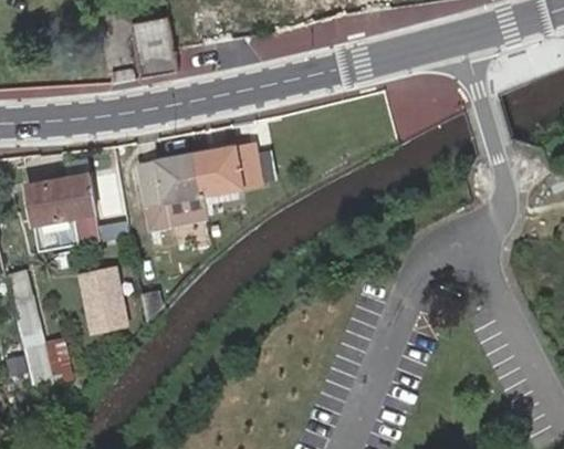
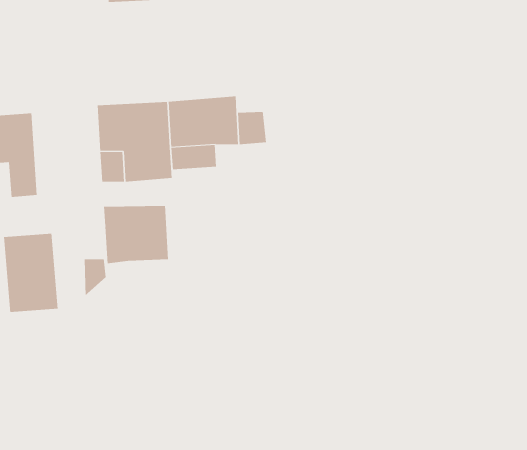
building: none -> [104,205,168,264]

